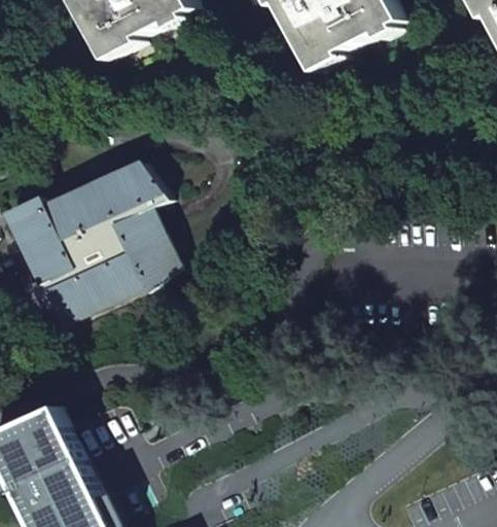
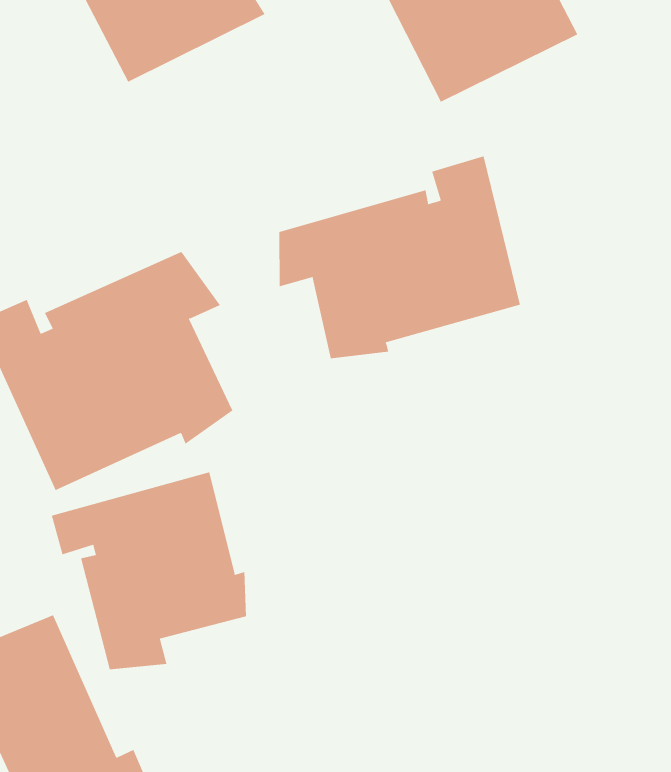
building: none -> [279,156,521,359]
building: none -> [51,472,246,670]

